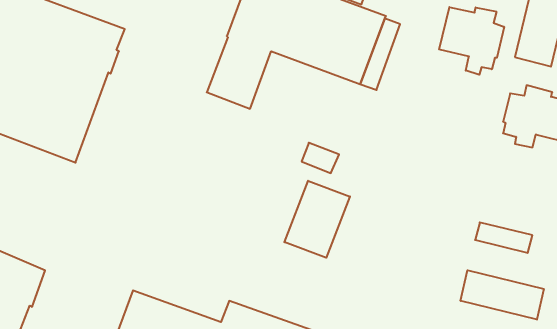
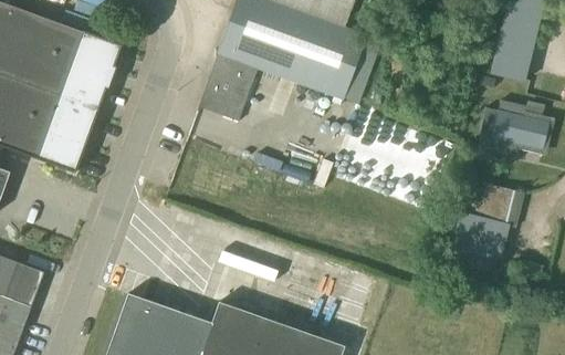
building: [439,7,504,75] -> none
building: none -> [472,182,523,229]
building: [284,181,350,258] -> none
building: [461,270,544,320] -> none

